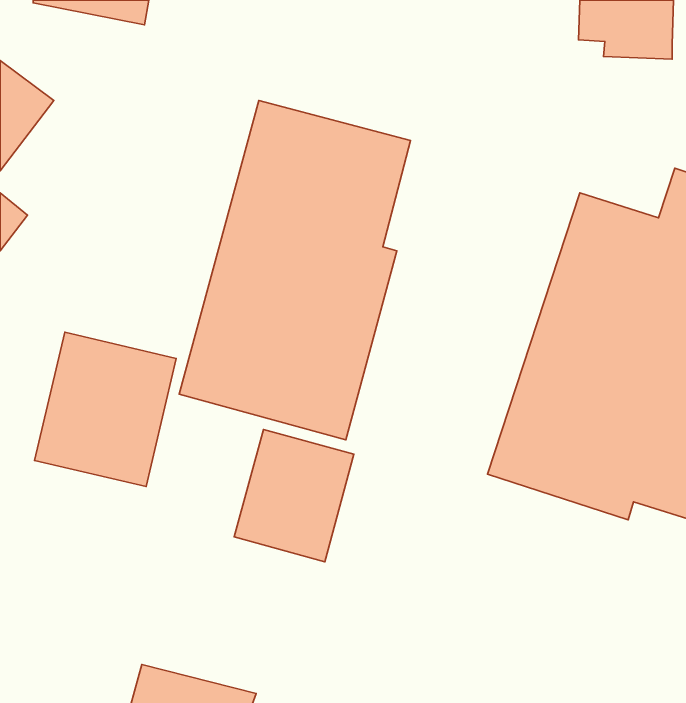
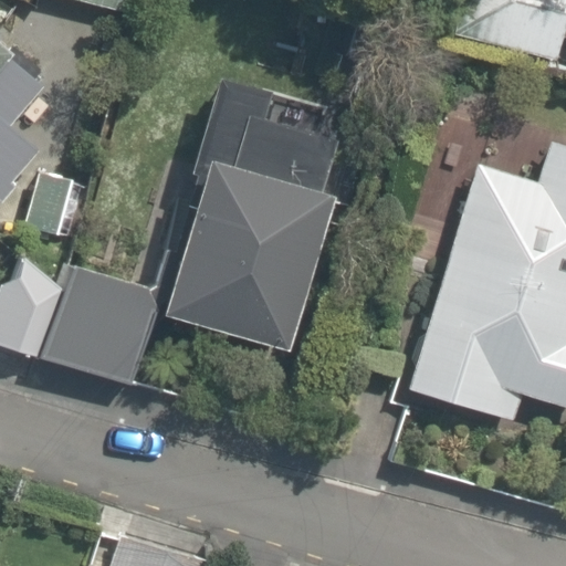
building: [234,429,354,562] -> none

